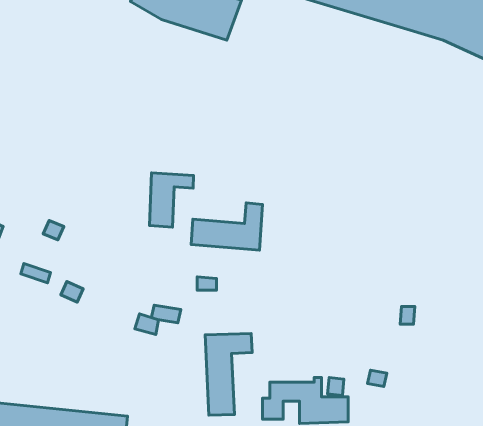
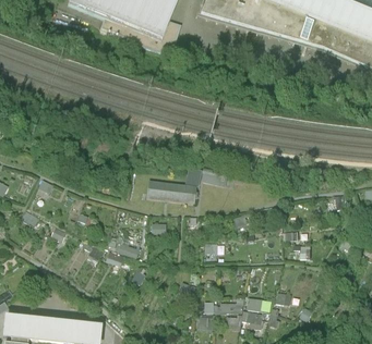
building: [150,173,194,227] -> none
building: [205,333,252,415] -> none

